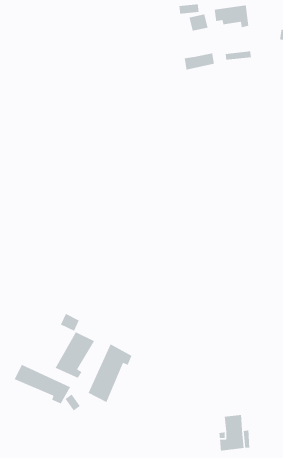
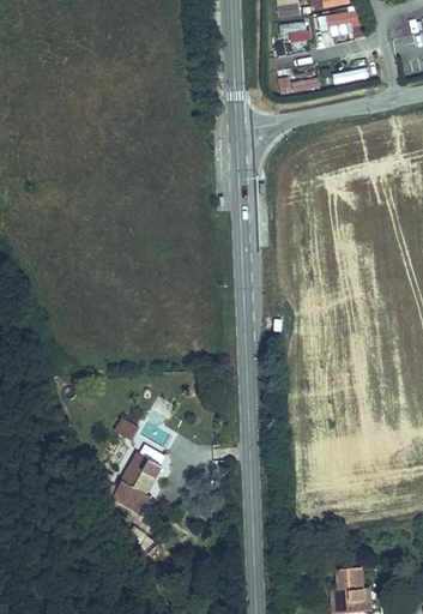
building: [87,343,132,403] -> none
building: [14,364,71,405] -> none

